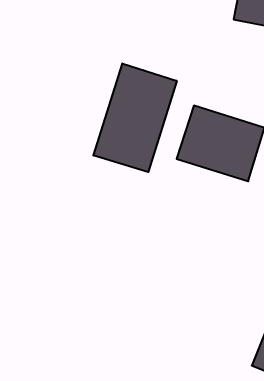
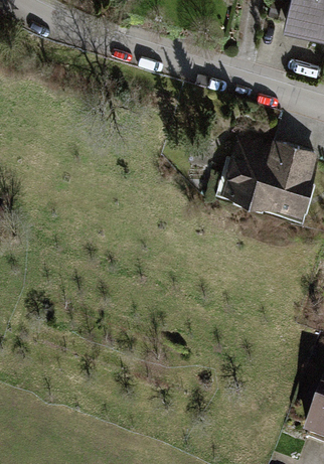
building: [93,63,177,172] -> none

